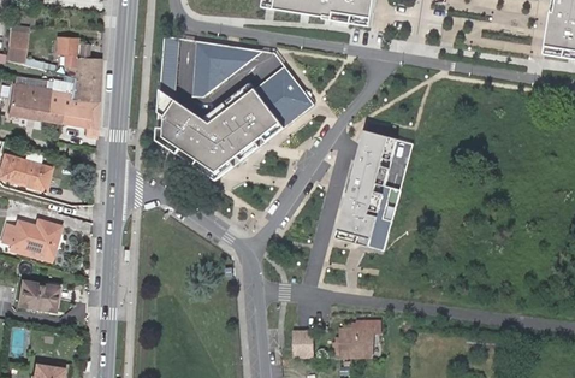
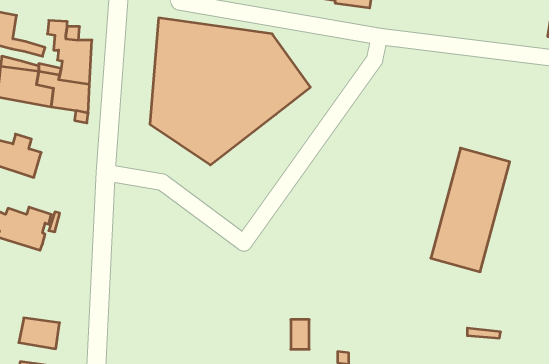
building: [334,130,411,250] -> [431,148,510,272]
building: [16,280,55,311] -> [19,318,60,349]
building: [330,319,378,358] -> none

